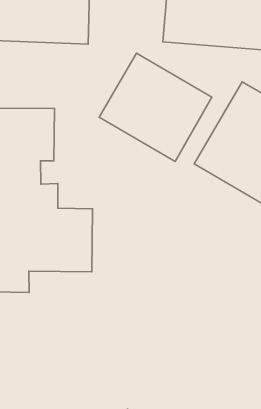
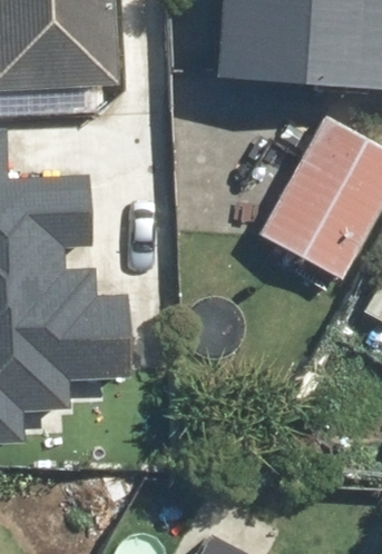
building: [99,53,212,162] -> none

